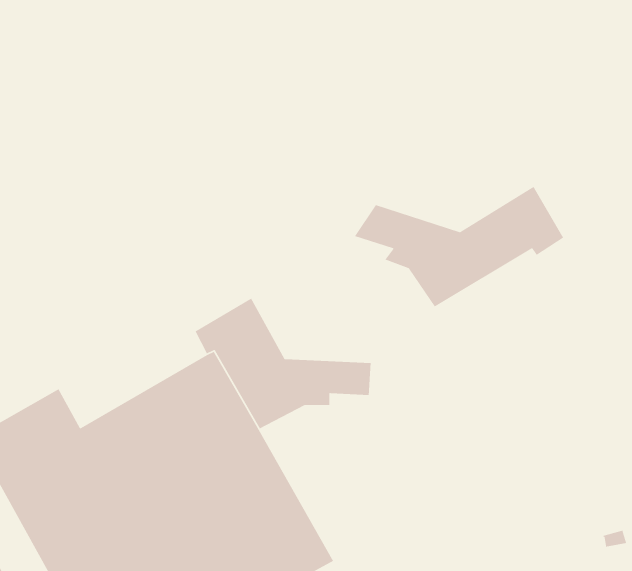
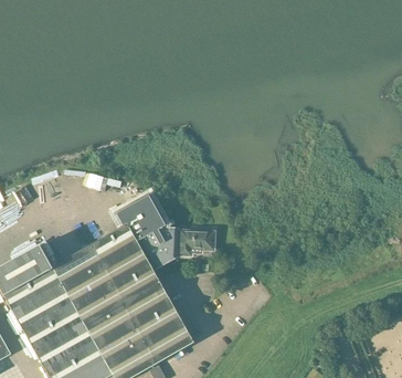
building: [354,186,564,307] -> none

